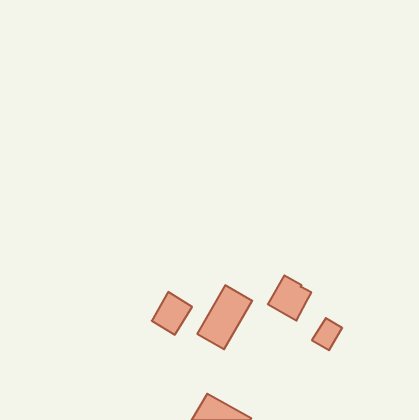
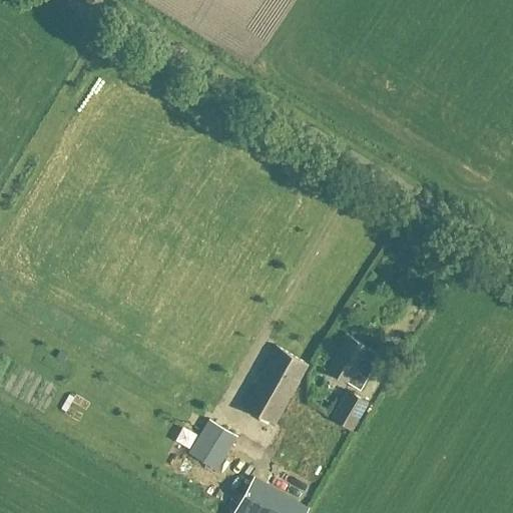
building: [152,292,192,335] -> [188,420,237,472]
building: [312,318,342,350] -> [332,394,369,433]

